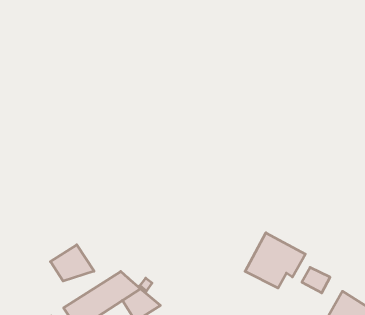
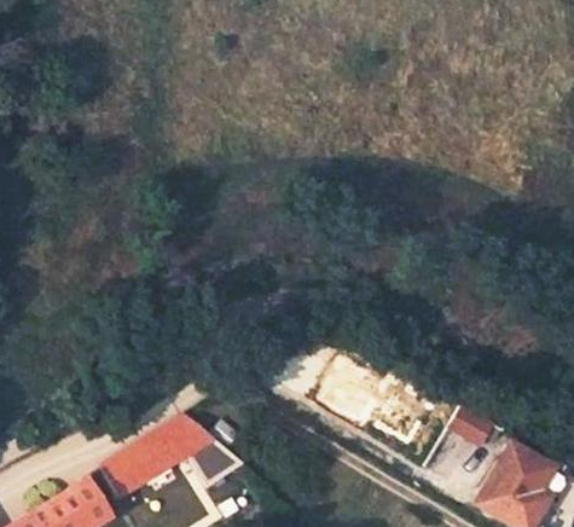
building: [245,233,305,288] -> none
building: [50,245,94,281] -> none

